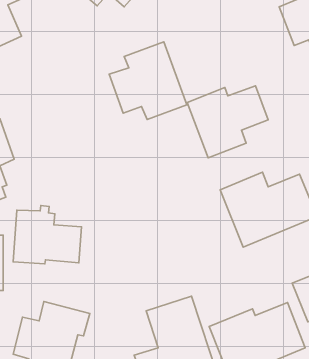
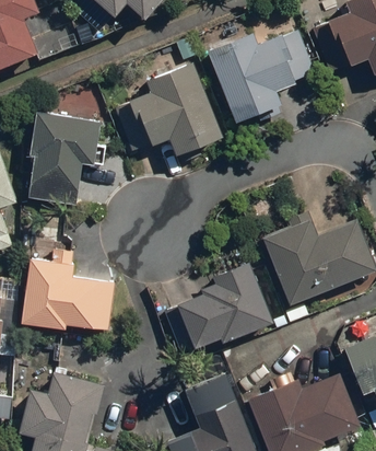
building: none -> [28,113,101,205]
building: [187,86,268,158] -> [211,35,307,120]
building: none -> [160,262,275,349]

